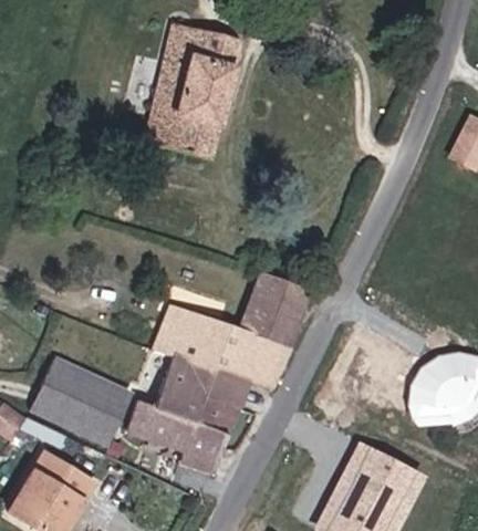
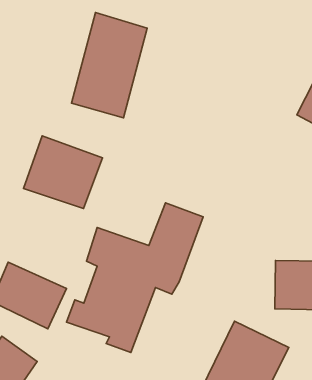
building: none -> [24,136,103,209]

